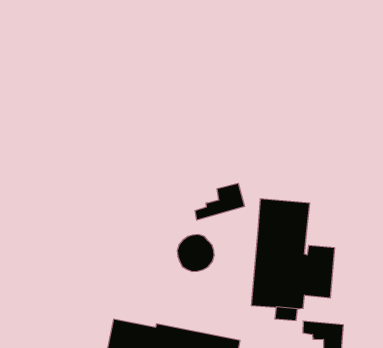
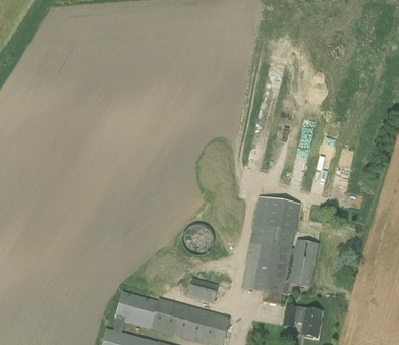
building: [195,183,244,220] -> none
building: none -> [187,278,218,302]

